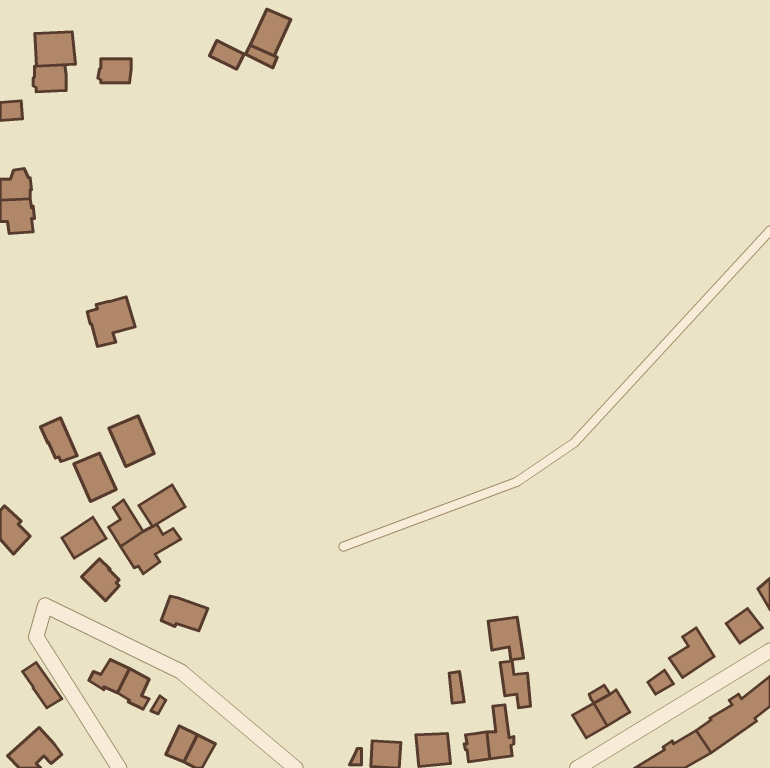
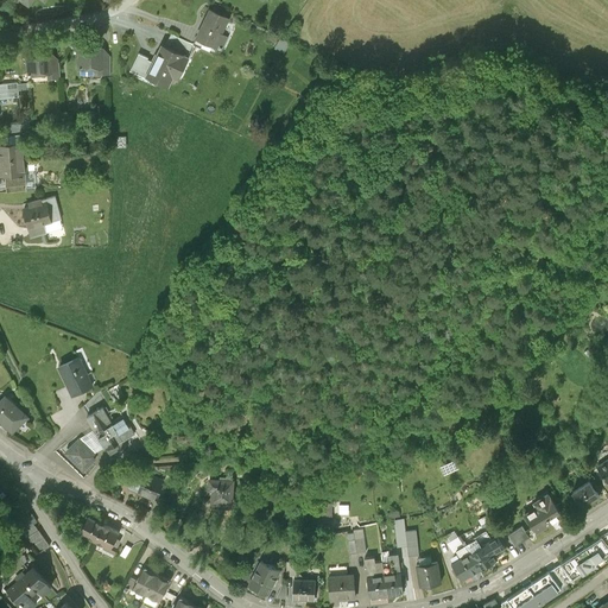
building: [35,32,76,66] -> none
building: none -> [147,44,186,83]
building: [87,297,135,347] -> [24,195,62,234]
building: [109,416,154,467] -> none
building: [40,418,77,462] -> none
building: [139,485,185,526] -> none
building: [62,517,106,558] -> none
building: none -> [209,474,233,506]
building: [488,617,523,660] -> none
building: none -> [418,558,442,590]
building: none -> [248,564,280,600]

